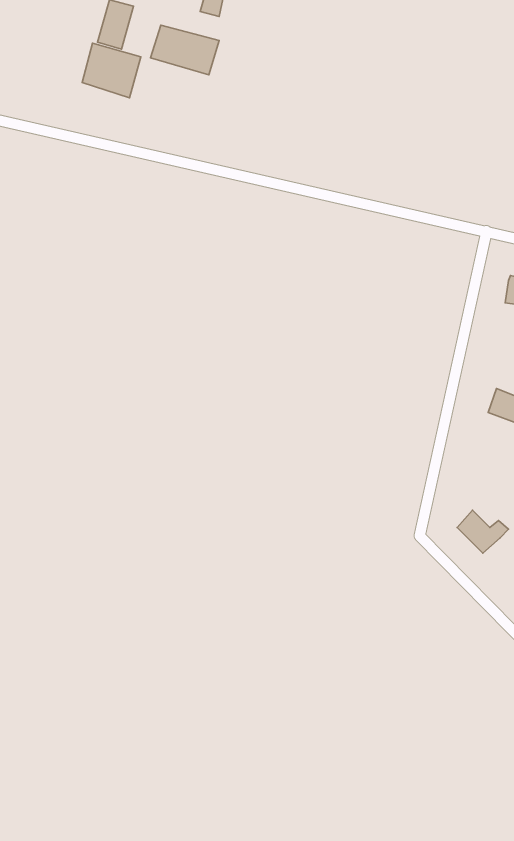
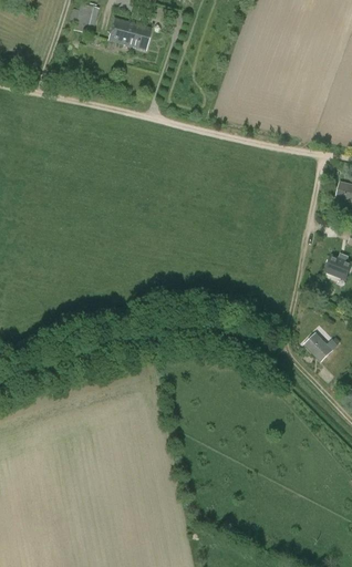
building: [82,43,141,98] -> none

